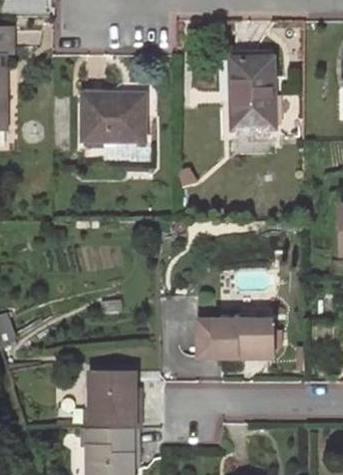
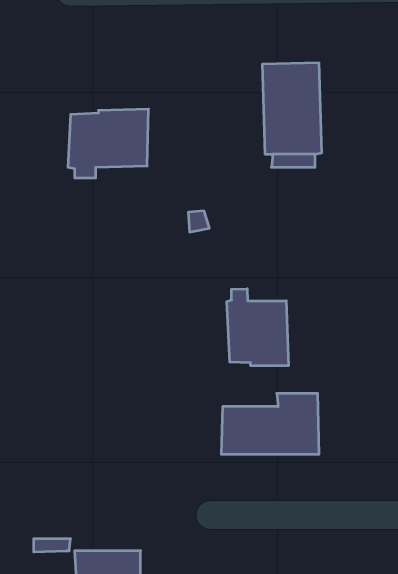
building: none -> [227,289,288,366]
building: [89,371,140,429] -> none

